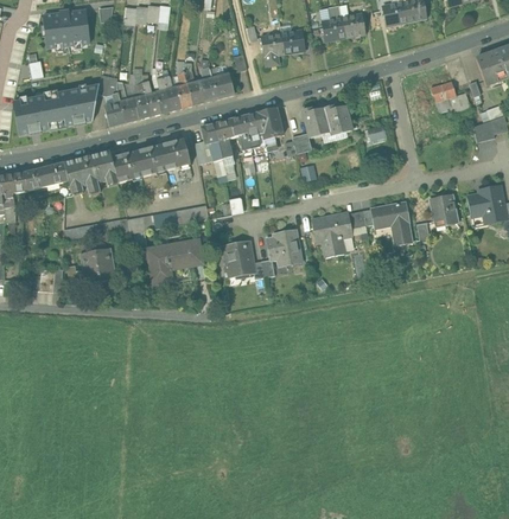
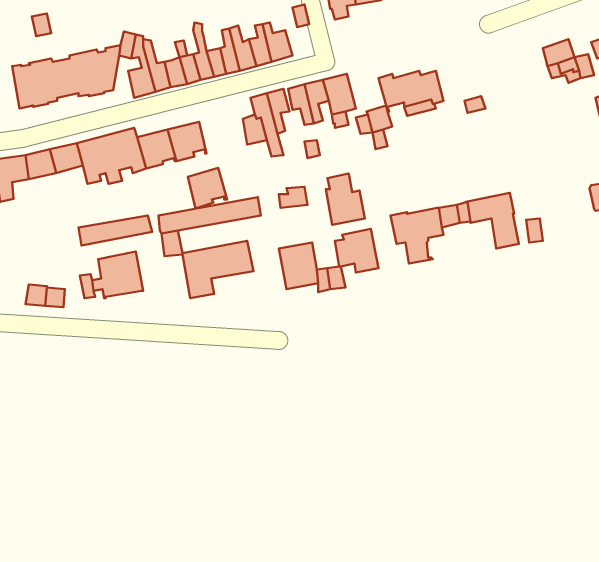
building: [160,137,191,169] -> [188,168,227,209]
building: none -> [326,174,365,225]
building: [430,193,458,224] -> none

